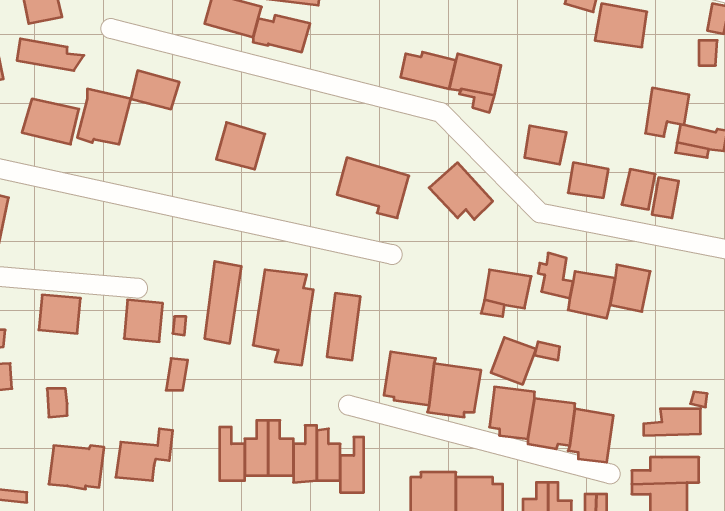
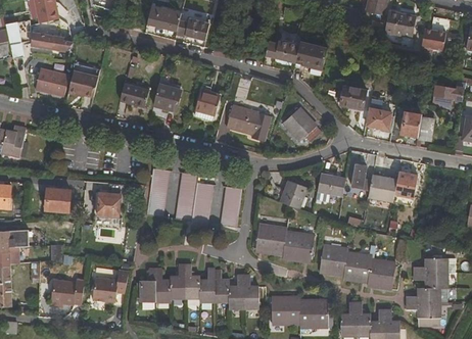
building: [131,71,179,109] -> [120,83,149,106]
building: [645,88,689,137] -> [418,27,444,56]
building: none -> [194,89,220,115]
building: [491,337,536,384] -> [279,180,306,208]
building: none -> [139,269,154,302]
building: none -> [413,273,447,287]
building: none -> [242,275,257,308]

